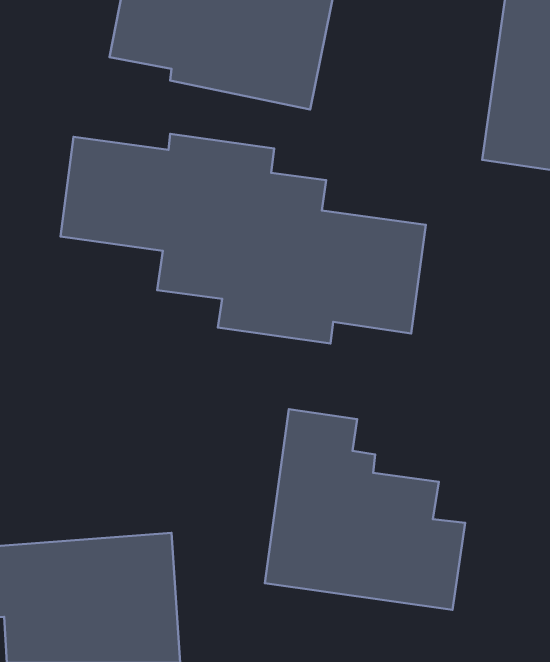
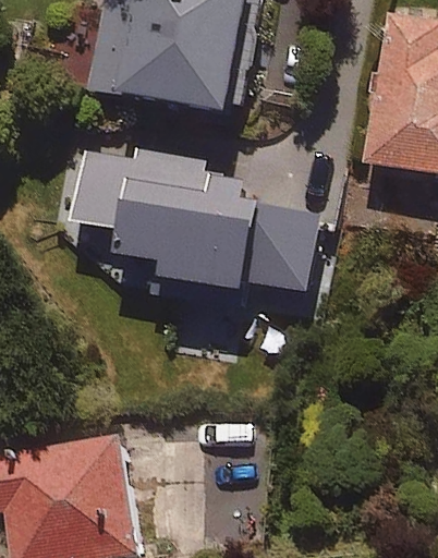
building: [265,409,465,610] -> none

